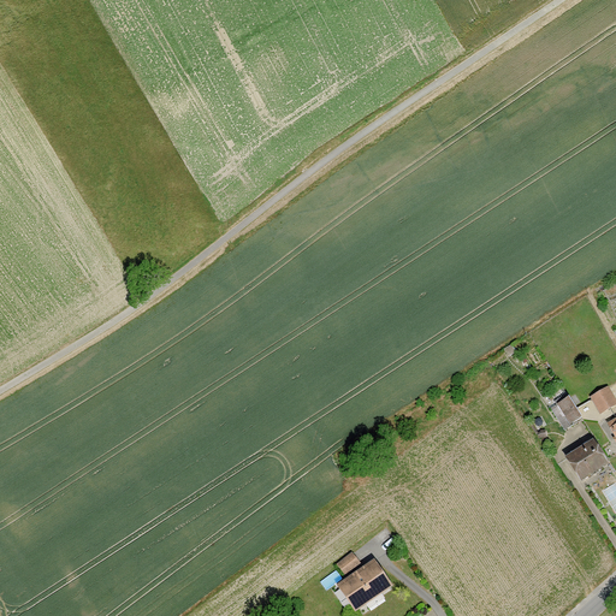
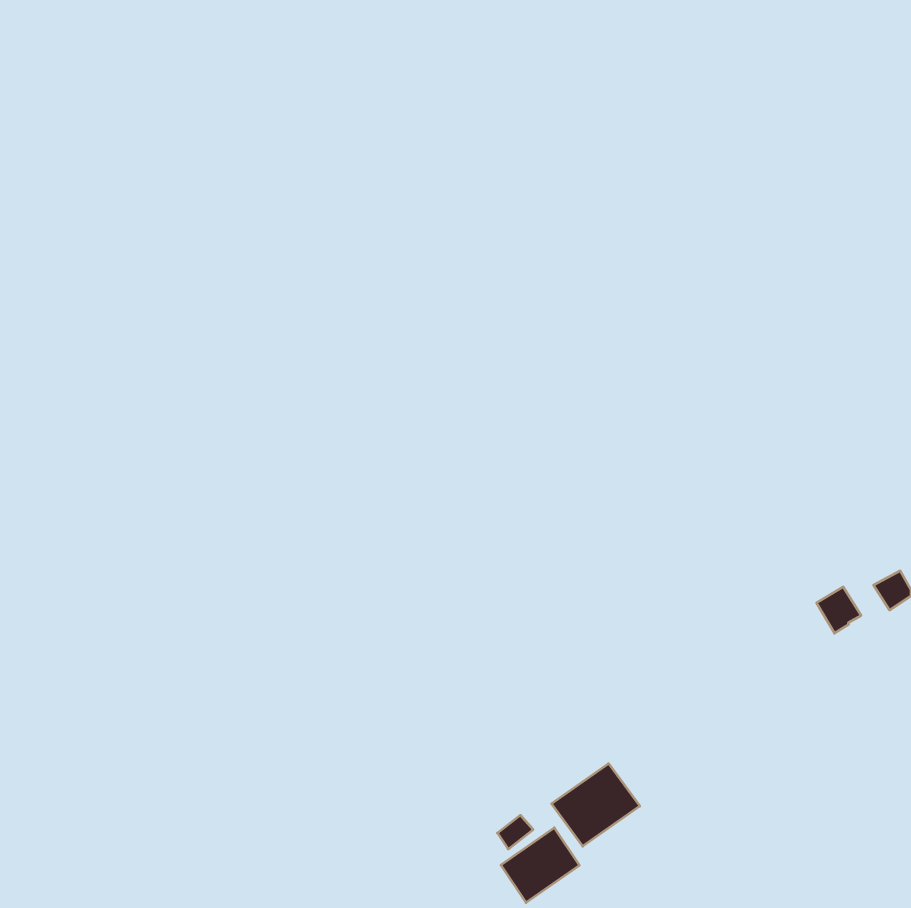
building: [564,438,608,480] -> none
building: none -> [552,764,640,846]

